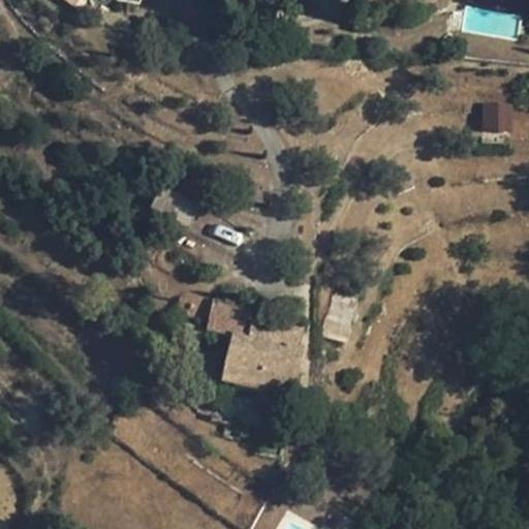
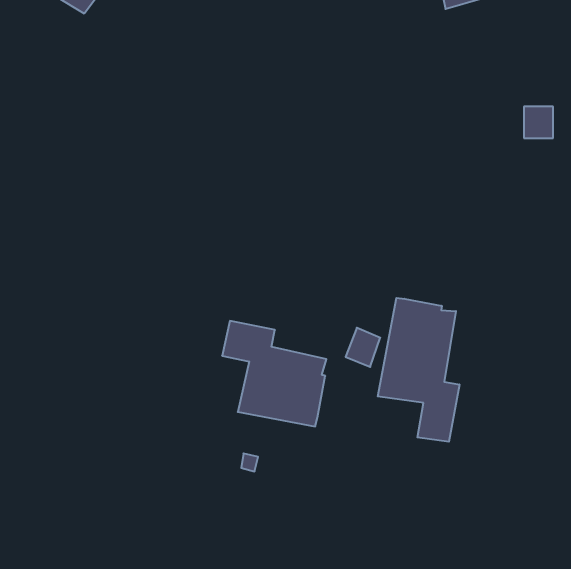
building: none -> [378,298,459,442]

